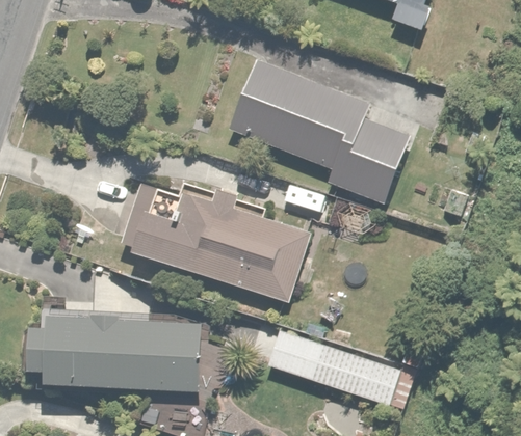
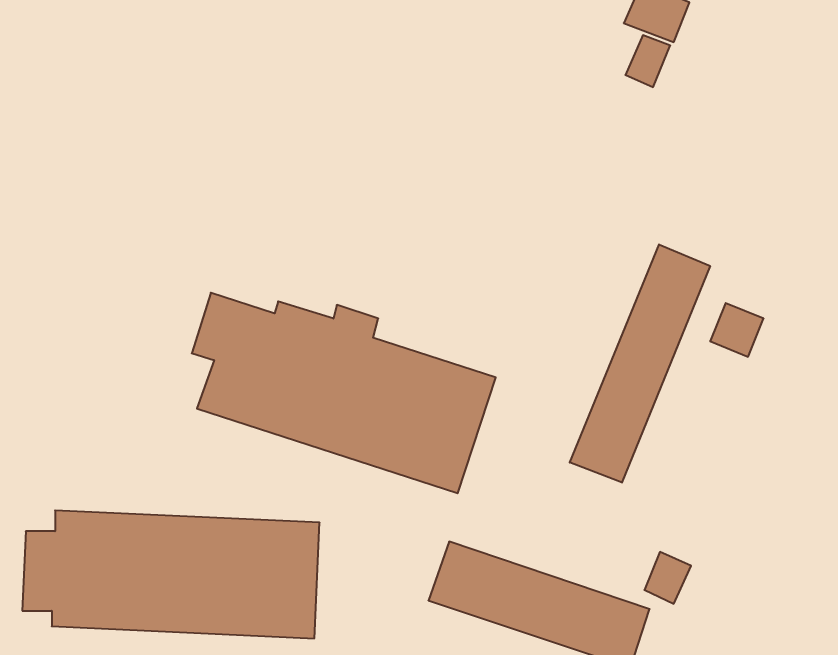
building: [226,56,407,202] -> none
building: none -> [570,244,710,483]

